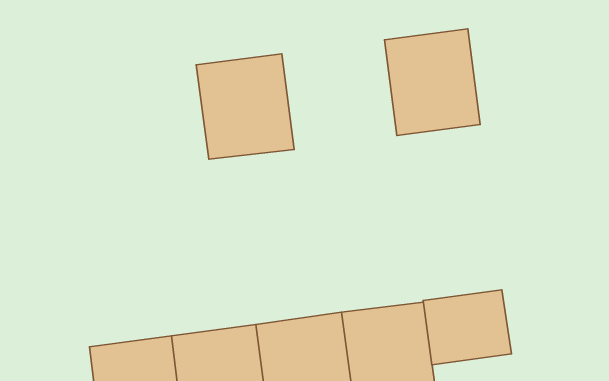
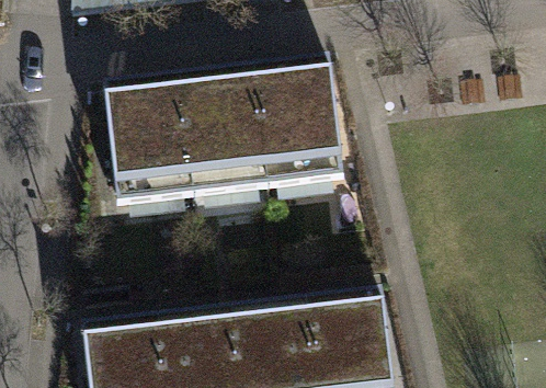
building: [385,29,480,136] -> [254,71,339,166]
building: none -> [109,91,190,183]
building: [423,290,512,365] -> none

